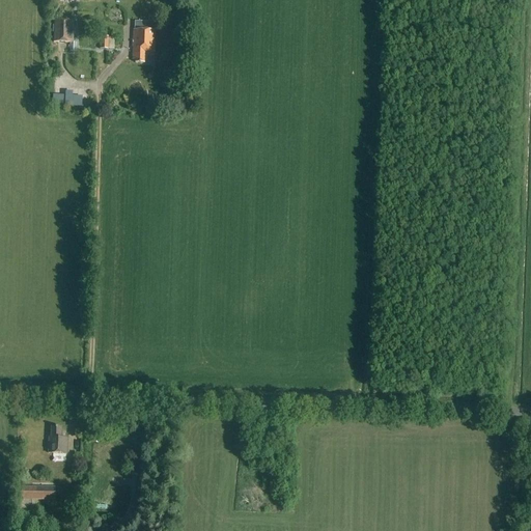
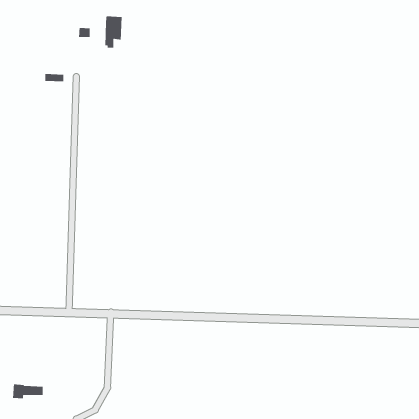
building: [54,19,74,41] -> none
building: [49,425,67,452] -> none

